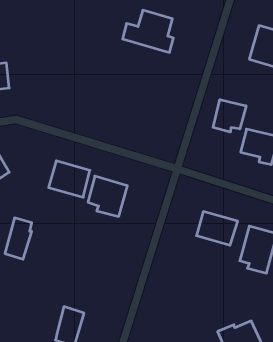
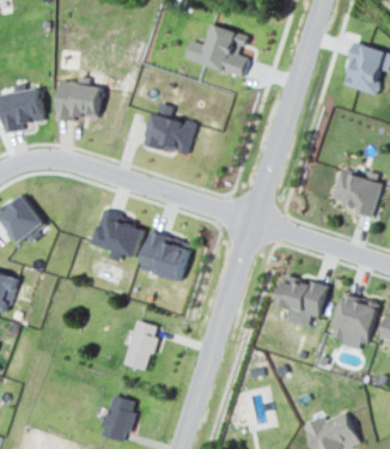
building: none -> [56,83,102,121]
building: none -> [145,102,195,156]
building: [213,100,246,132] -> none
building: [5,218,32,259] -> [123,320,157,371]

